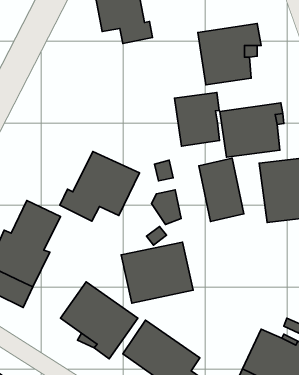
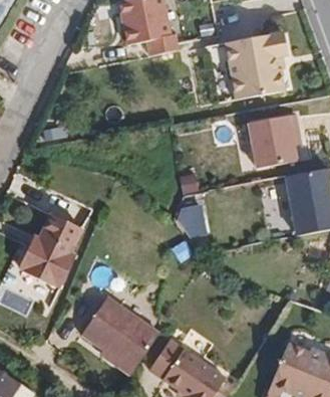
building: [174,92,219,146] -> none
building: [60,151,139,221] -> none
building: [199,158,244,222] -> none
building: [121,242,193,303] -> none

